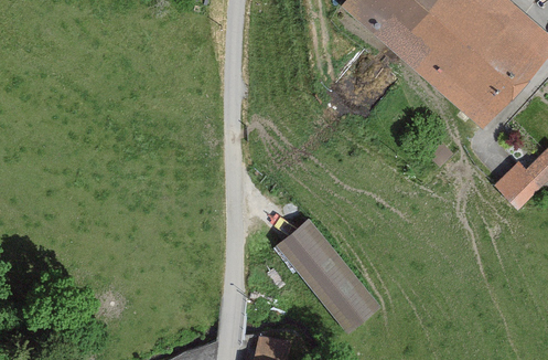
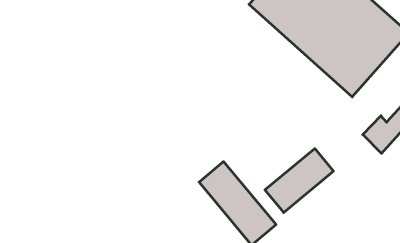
building: none -> [265,149,333,213]

